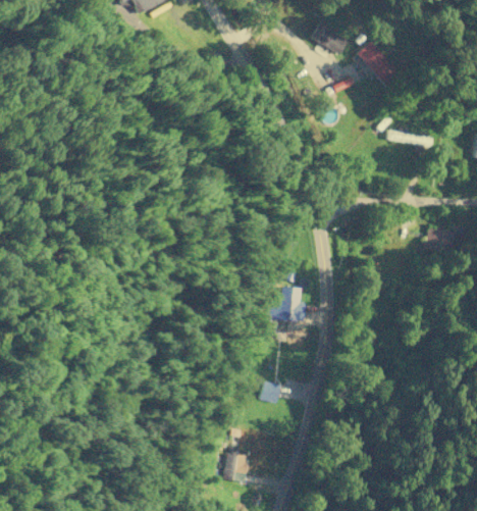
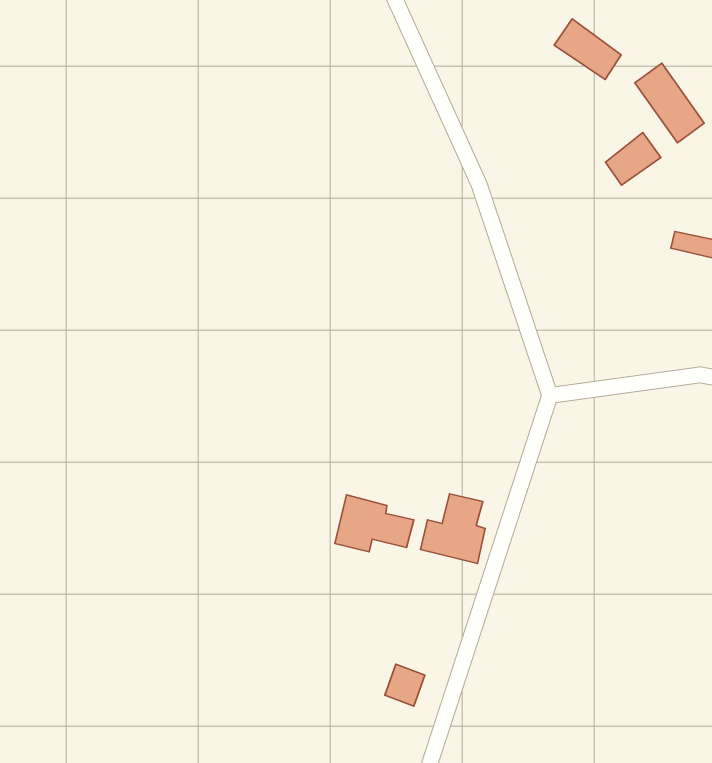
building: none -> [606,133,661,185]
building: none -> [335,495,414,552]

